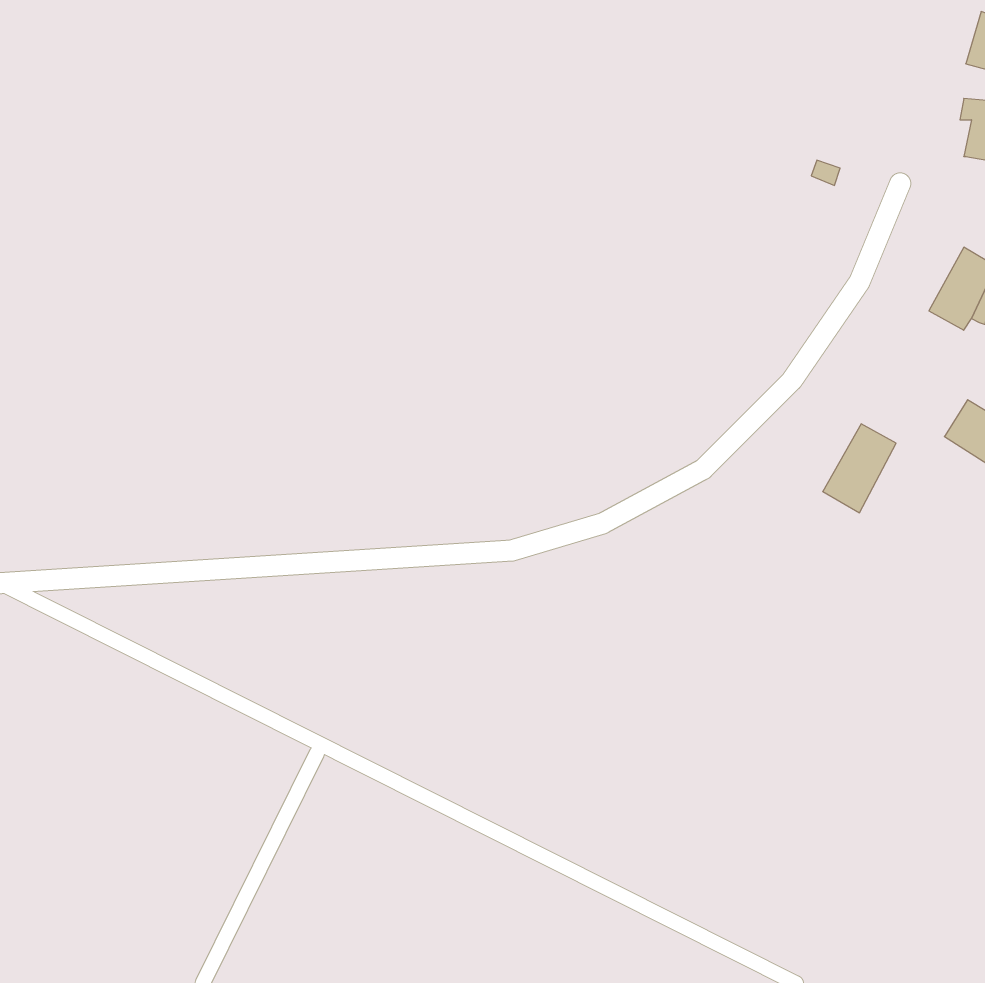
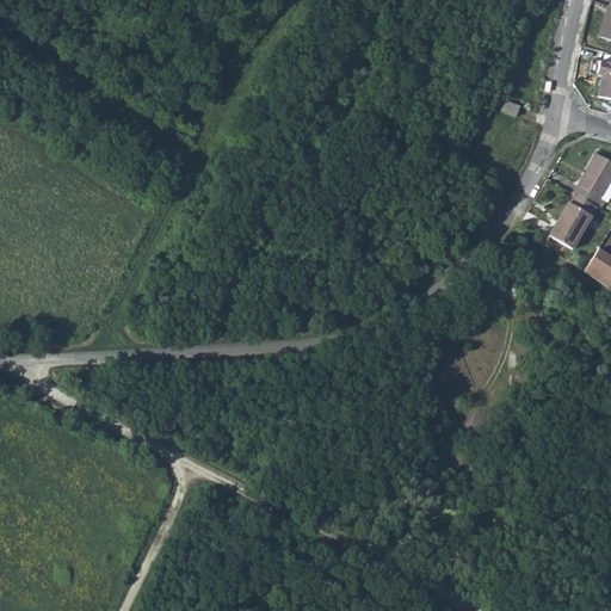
building: [823,424,896,513] -> [551,192,597,247]

